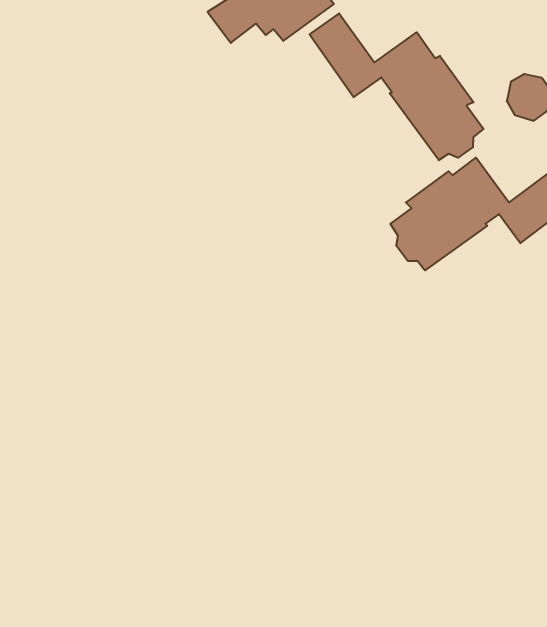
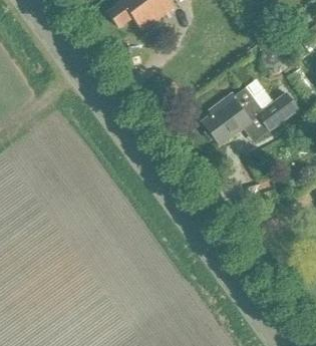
building: [310,13,484,160] -> none

